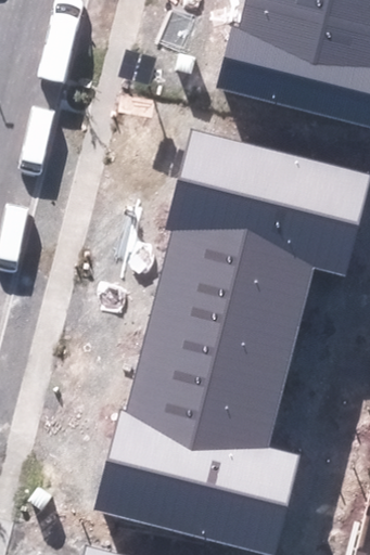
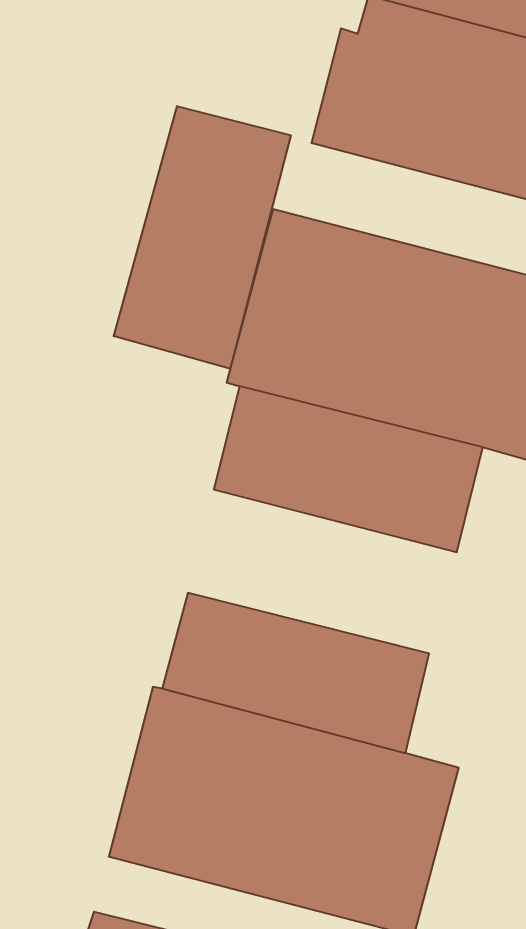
building: none -> [114,106,291,369]
building: [141,293,299,389] -> none

